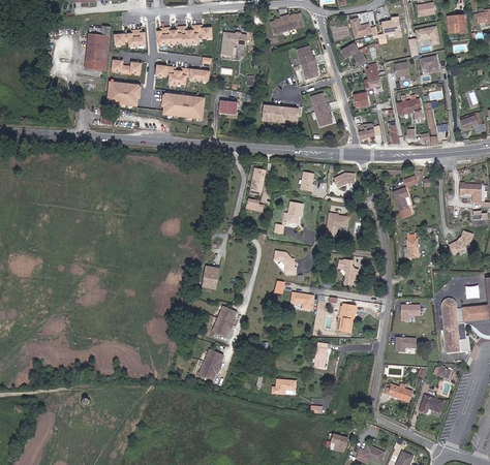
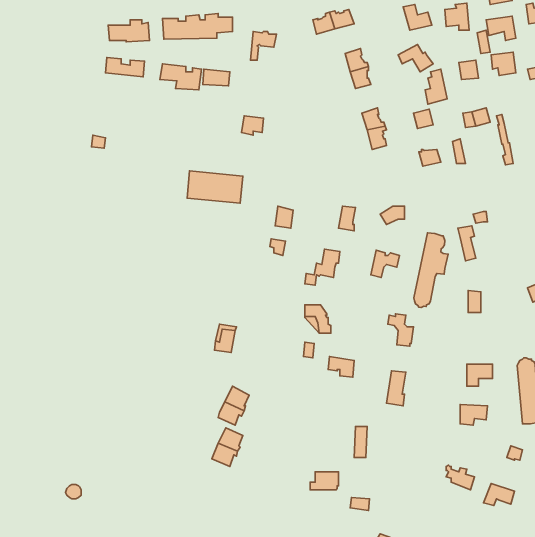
building: [86,27,112,71] -> none
building: [108,76,143,101] -> none
building: [161,89,206,115] -> [187,171,243,203]
building: [267,107,304,126] -> none
building: none -> [414,233,448,307]

